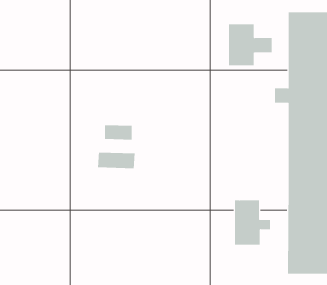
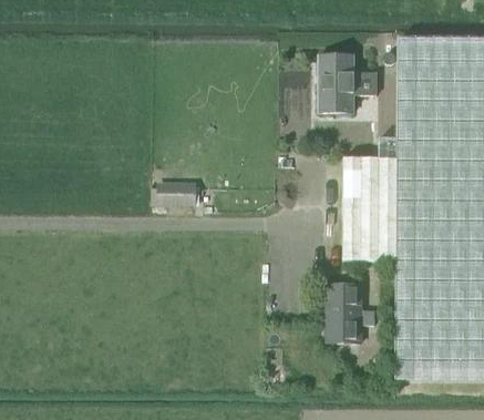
building: none -> [343,156,397,258]
building: [97,152,135,169] -> none

